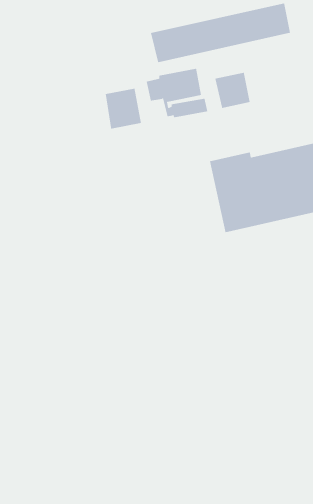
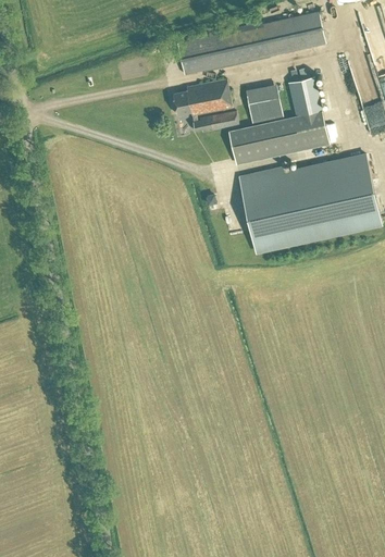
building: none -> [227,76,327,162]
building: [105,88,142,129] -> none

